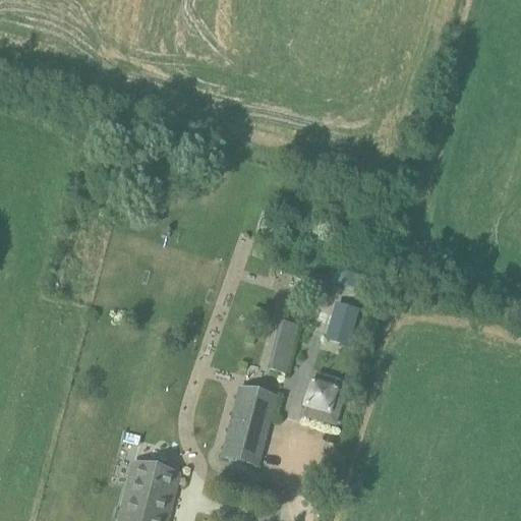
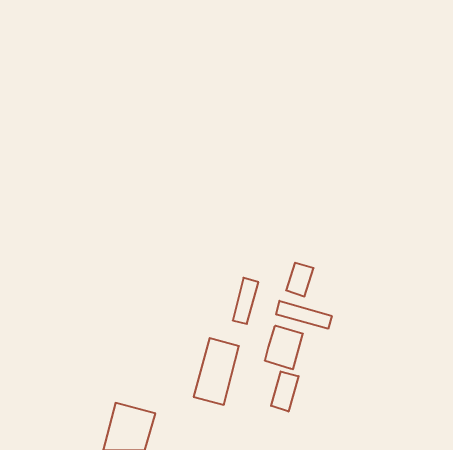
building: none -> [276,301,332,329]
building: none -> [271,371,299,412]

